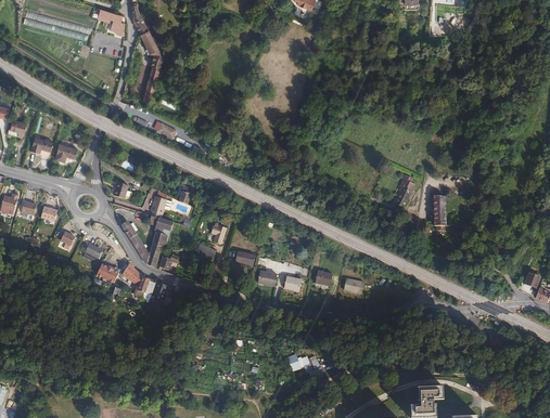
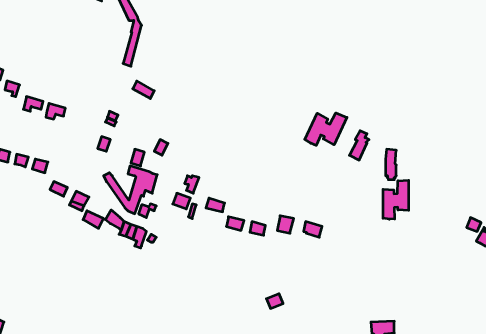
building: none -> [305,113,347,145]
building: none -> [383,180,409,219]

